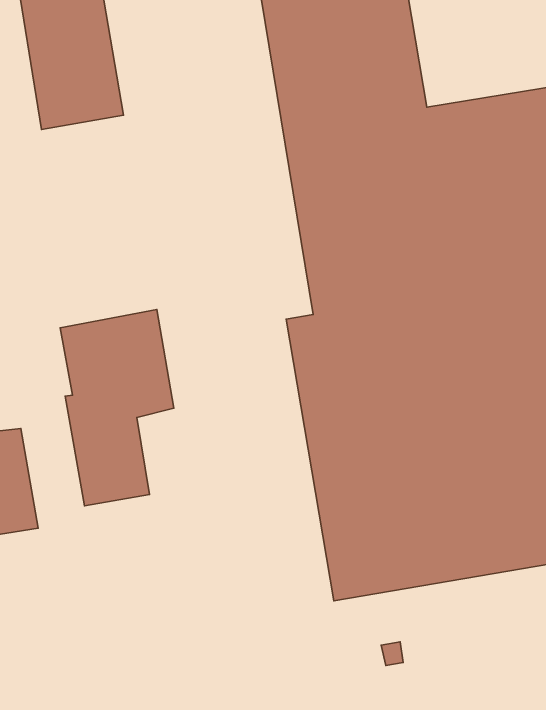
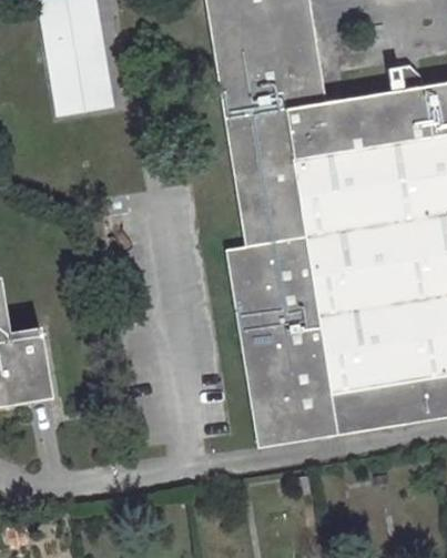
building: [60,310,174,506] -> none

